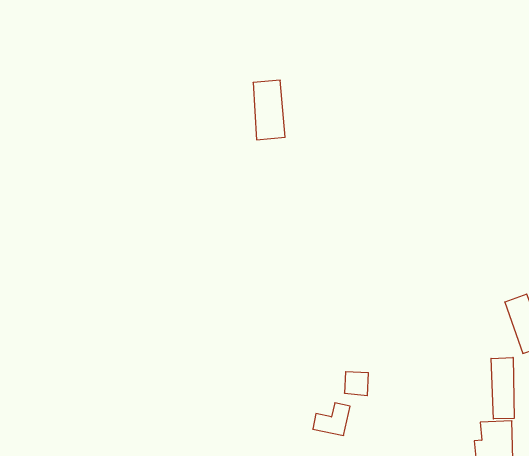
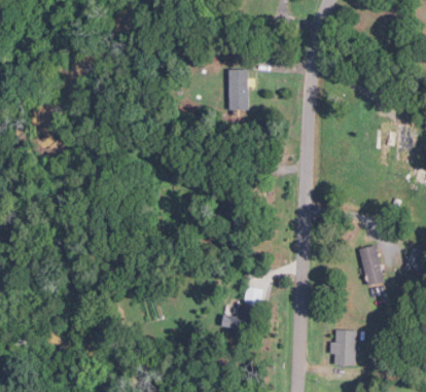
building: [253,80,285,140] -> [227,70,247,109]
building: [491,357,514,419] -> none

